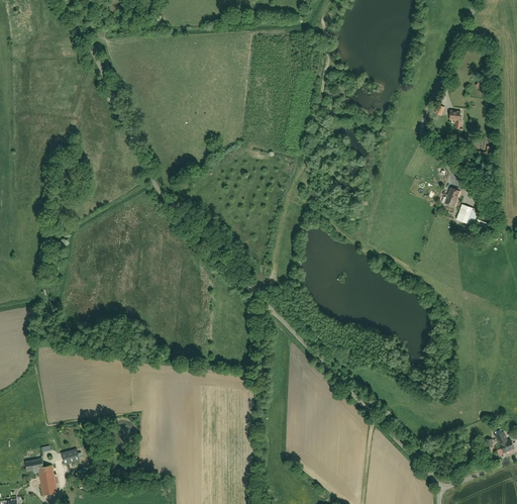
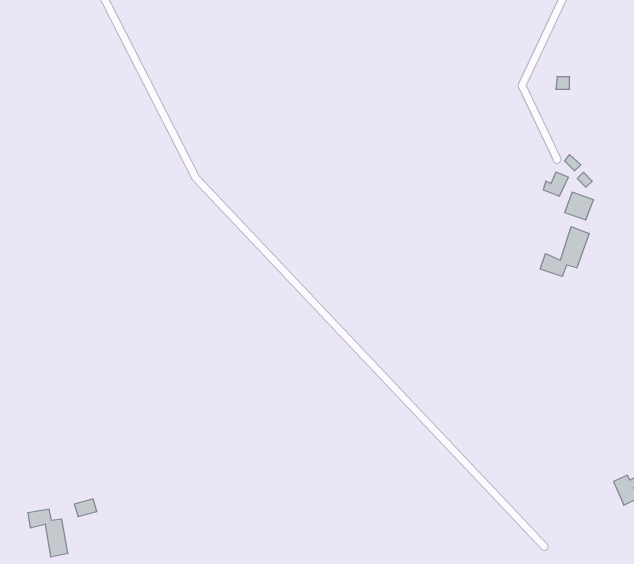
building: none -> [540,227,589,276]

